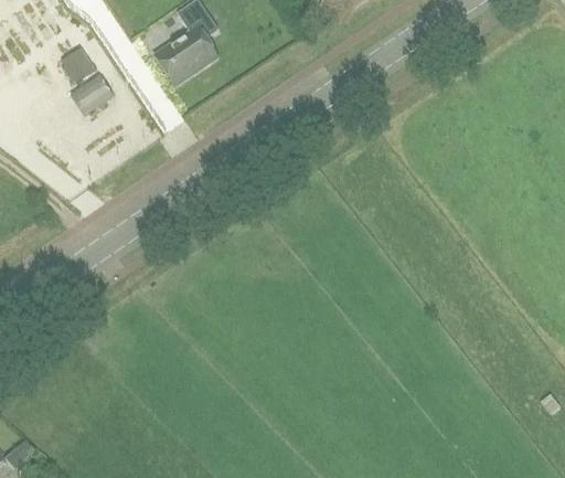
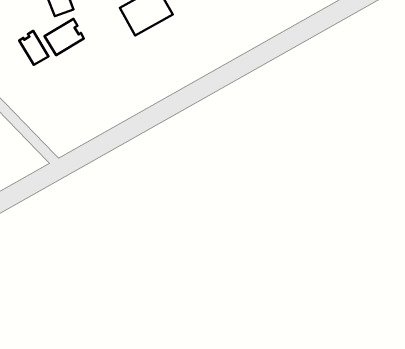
building: none -> [19,31,48,65]

